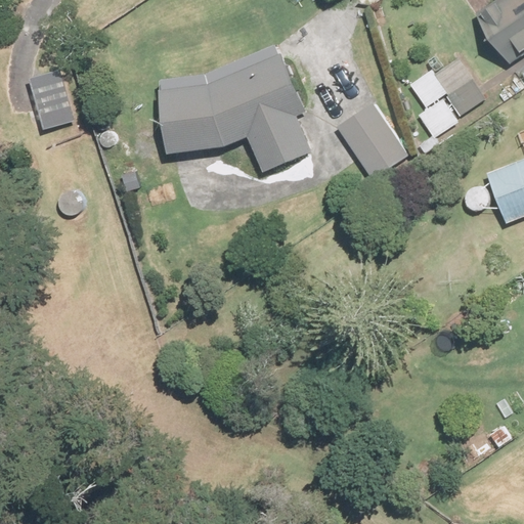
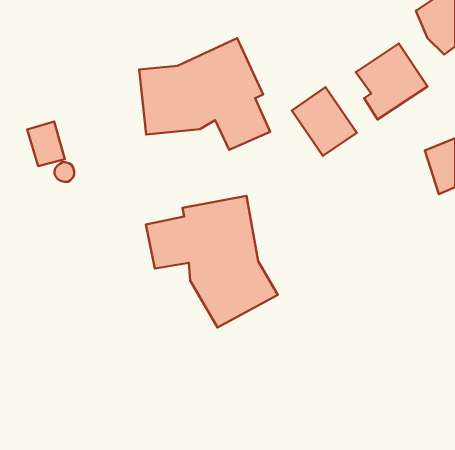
building: [31,72,74,123] -> [27,122,65,166]
building: none -> [146,196,278,328]

